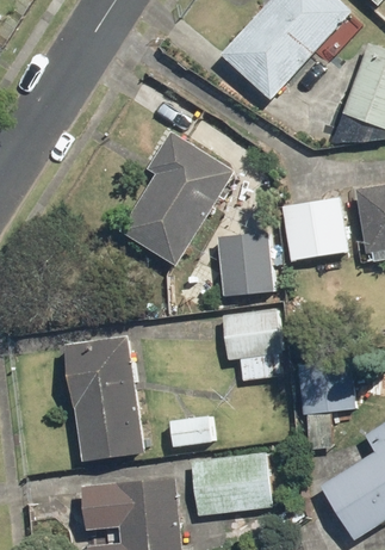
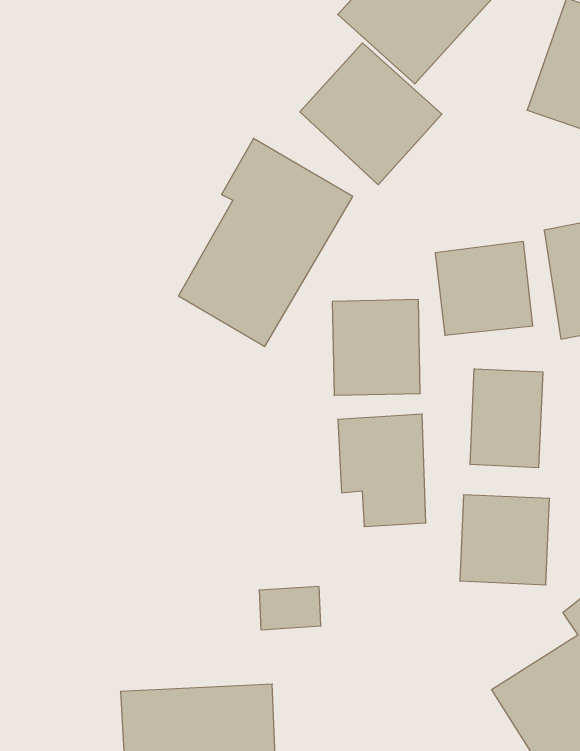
building: none -> [300,43,442,185]
building: none -> [470,369,543,468]
building: [68,336,144,462] -> none
building: [190,455,268,514] -> none

